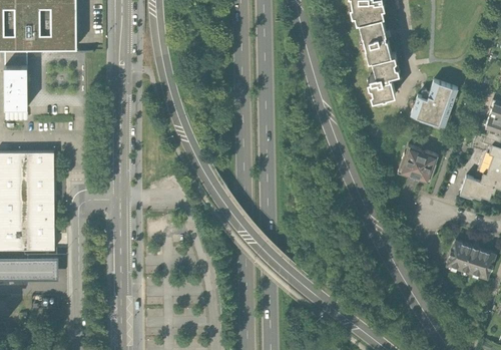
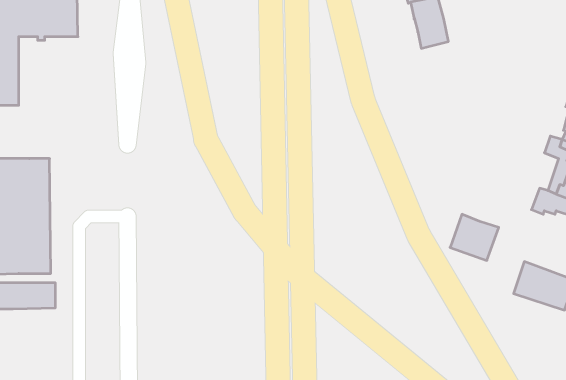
building: [366,53,399,101] -> none
building: [409,80,456,126] -> none
building: [398,146,439,186] -> [450,214,499,260]

